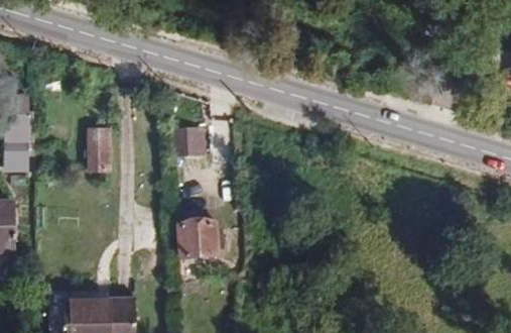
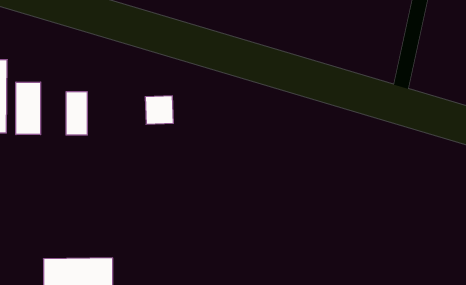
building: none -> [16,82,41,135]
building: [174,222,220,259] -> none

